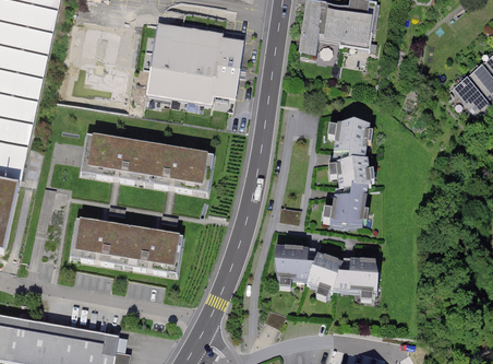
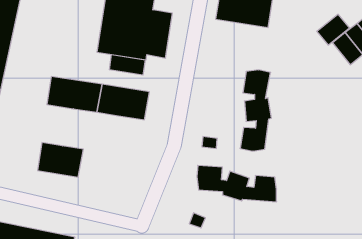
building: none -> [317,14,349,45]
building: none -> [109,55,145,75]
building: [123,224,182,269] -> none

